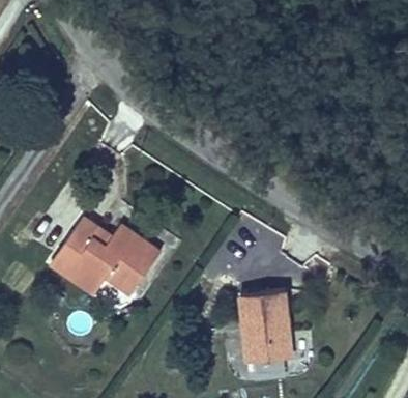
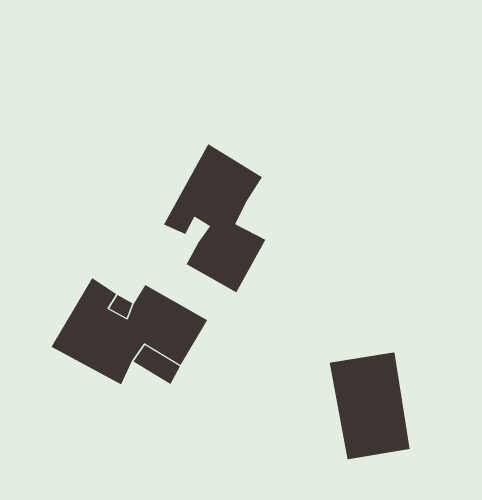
building: none -> [163,143,266,293]

